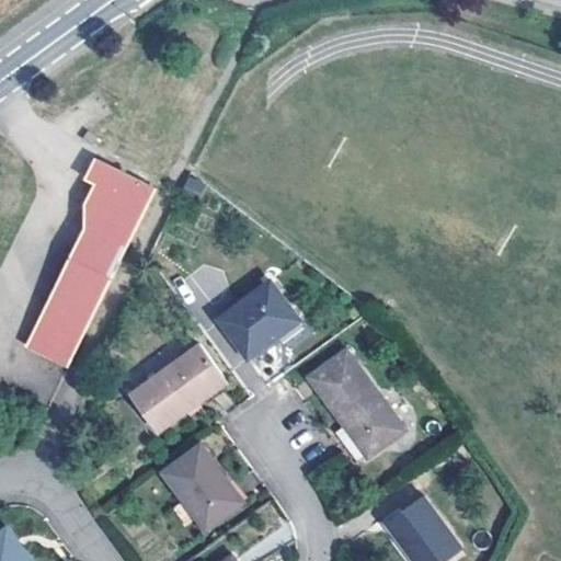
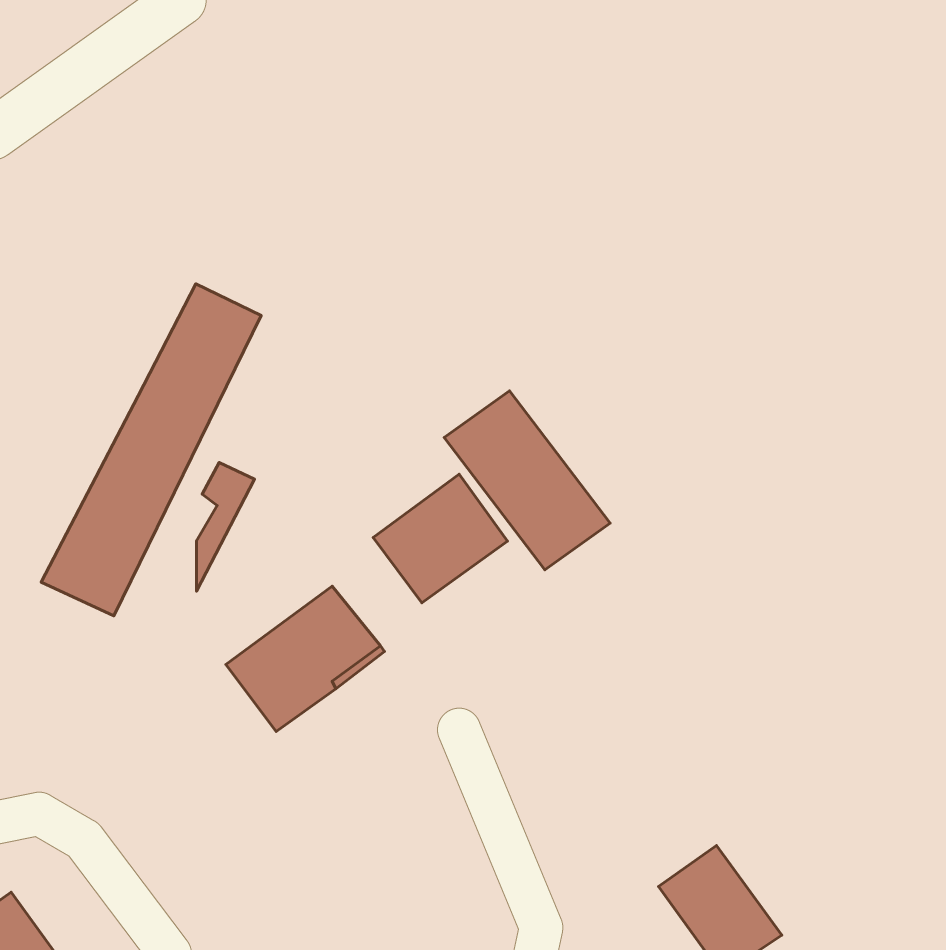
building: [81,159,115,234] -> [197,462,254,591]
building: [308,351,405,456] -> [444,391,610,570]
building: [162,446,241,529] -> none

